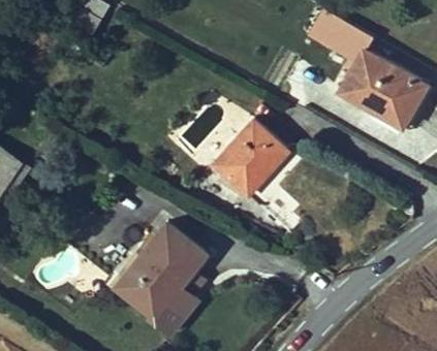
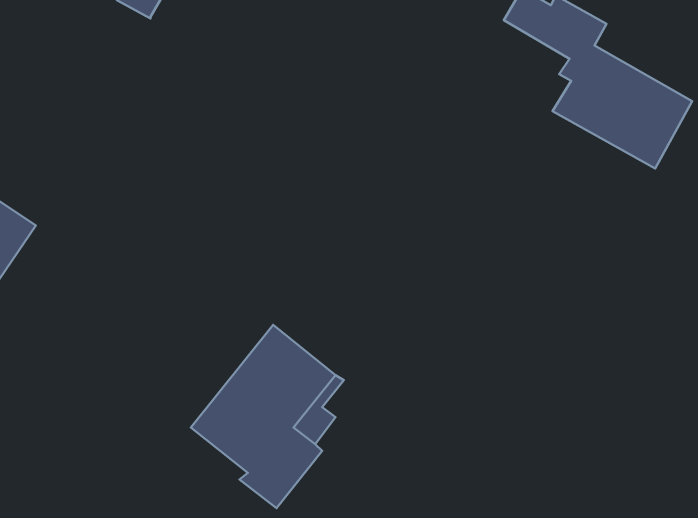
building: [215,120,301,232] -> none

